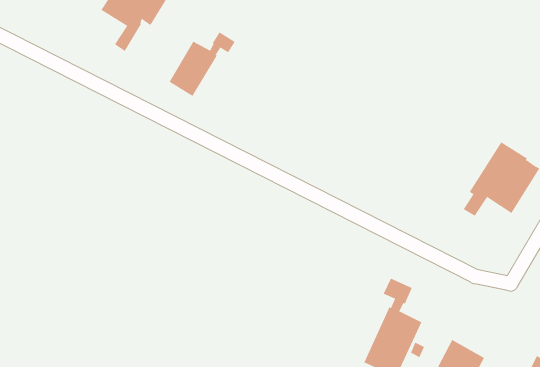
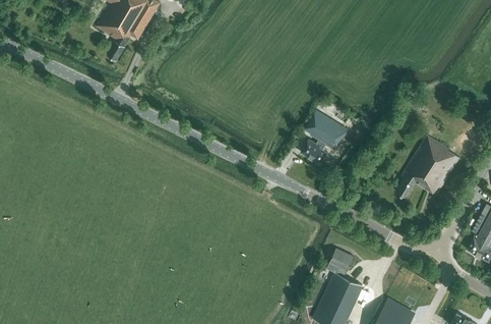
building: [169,32,235,97] -> none
building: none -> [301,110,348,164]

